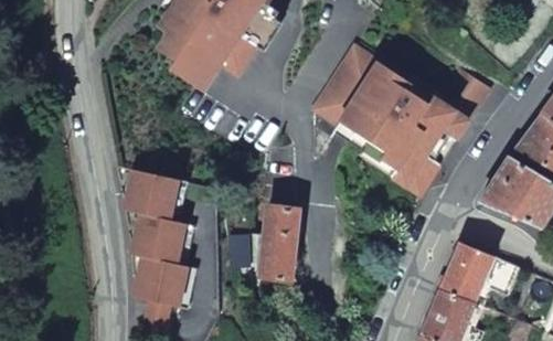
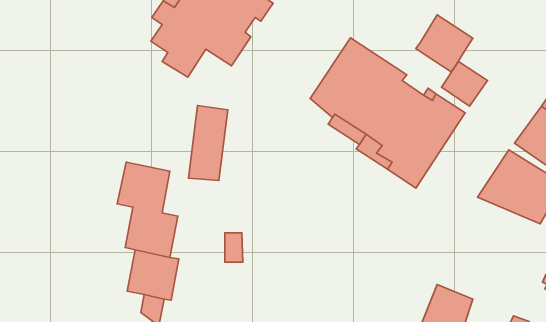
building: none -> [416,15,473,72]
building: [258,205,297,279] -> [188,105,228,181]
building: [439,242,519,306] -> none

